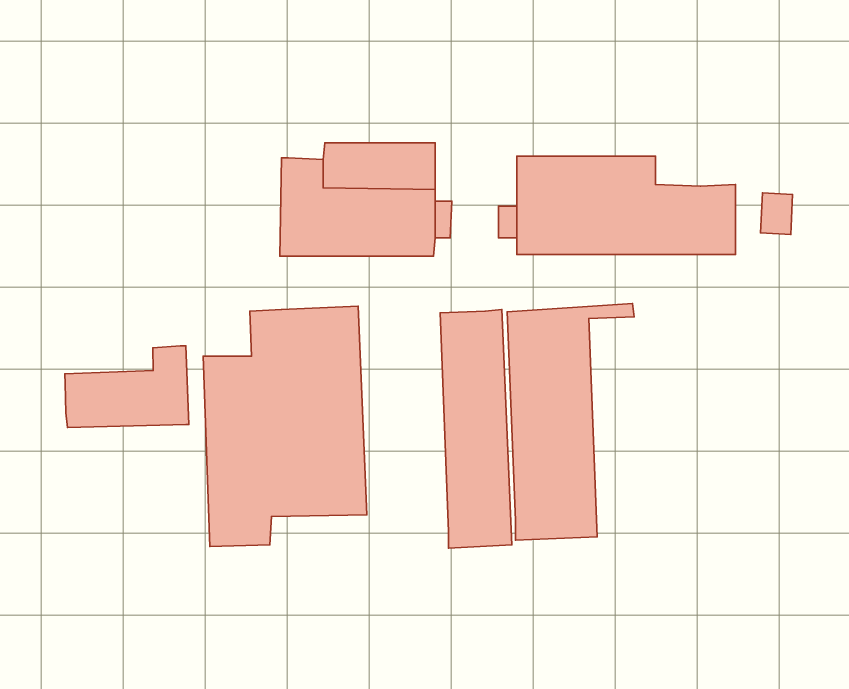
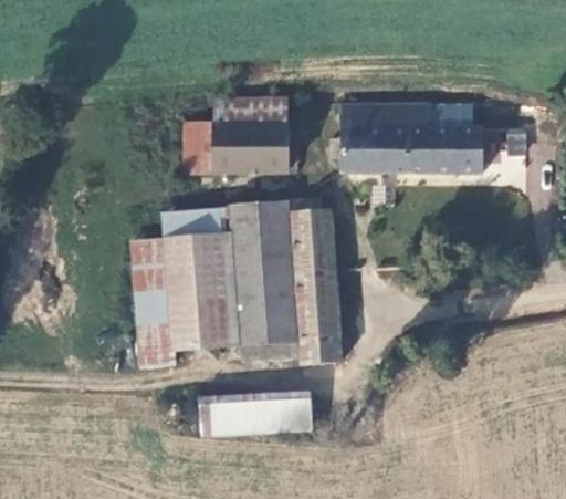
building: [507,303,634,540] -> [238,200,322,357]
building: [65,346,189,427] -> none
building: none -> [196,397,310,437]

